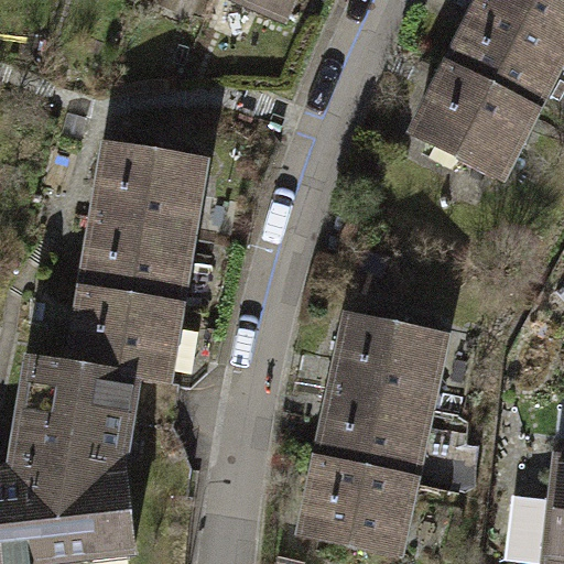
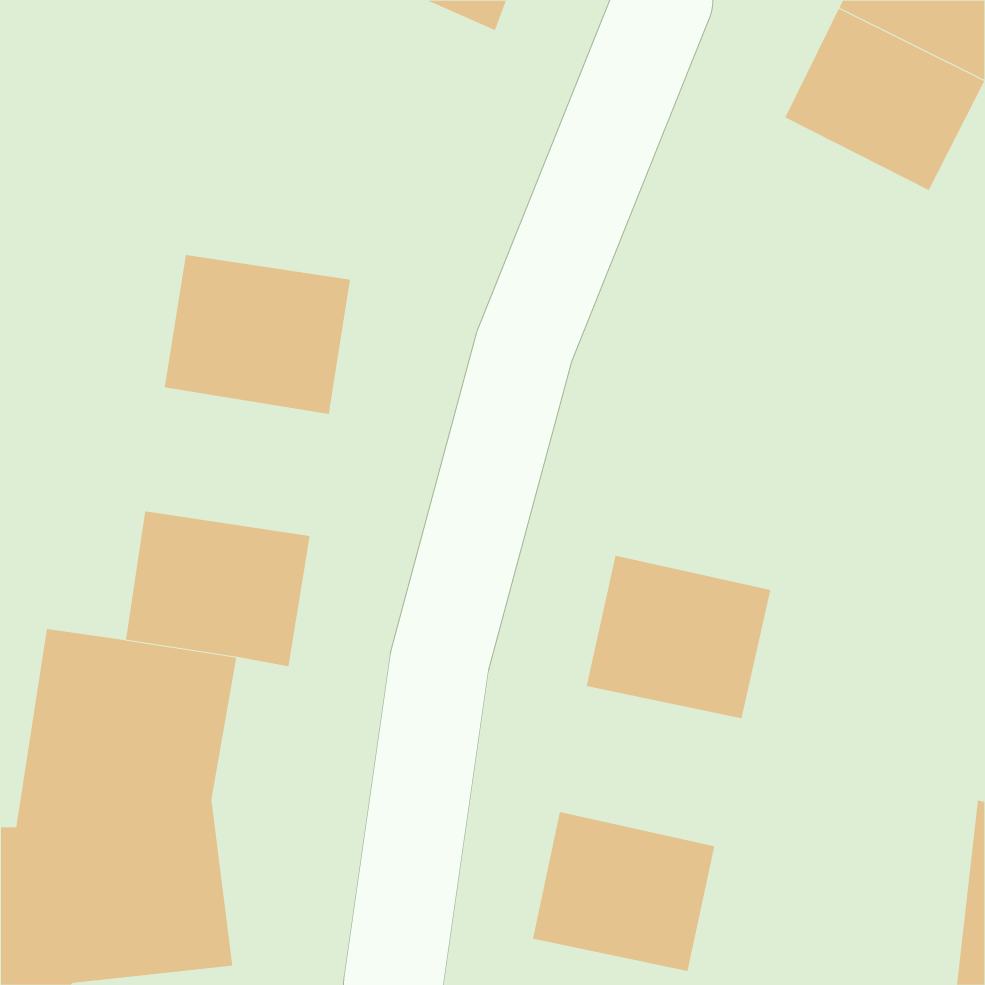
building: [416,67,531,172] -> none
building: [83,221,188,306] -> none
building: [319,392,424,484] -> none

